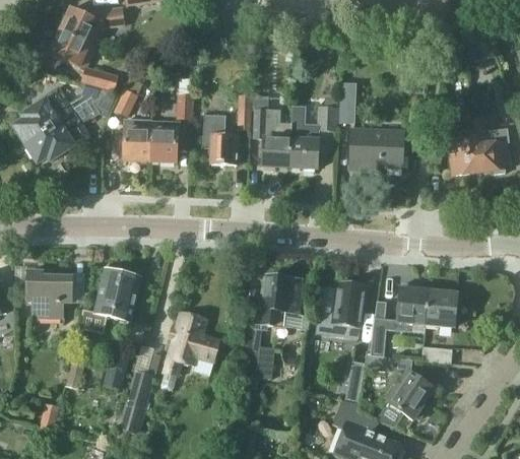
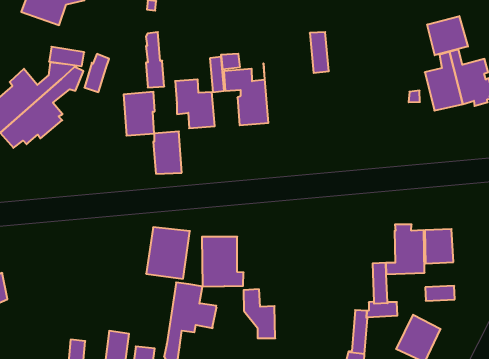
building: [49,29,96,70] -> none
building: none -> [427,16,468,55]
building: [289,94,337,168] -> none
building: [124,121,151,162] -> [153,131,182,174]
building: [351,130,403,171] -> none
building: [94,267,142,321] -> [146,227,190,279]
building: [27,269,72,317] -> none
building: [262,274,304,327] -> [202,237,244,287]
building: [317,280,366,338] -> none

